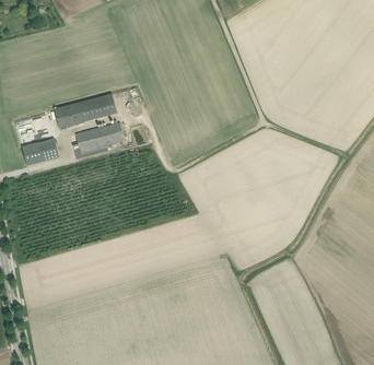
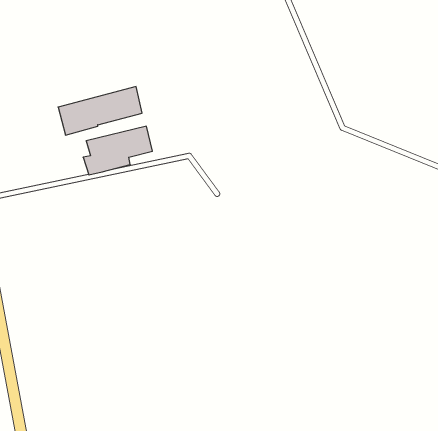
building: [23,137,60,164] -> none

